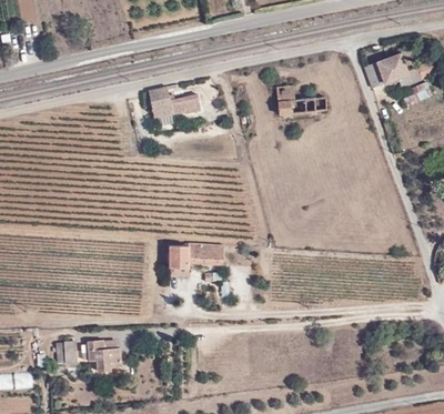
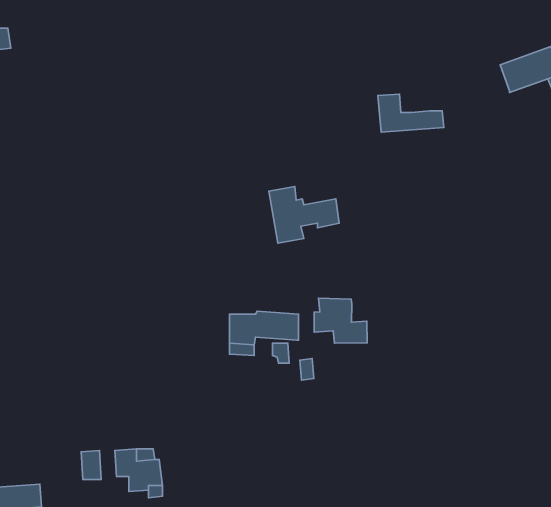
building: [147,85,198,127] -> [269,186,339,243]
building: none -> [314,298,367,343]

